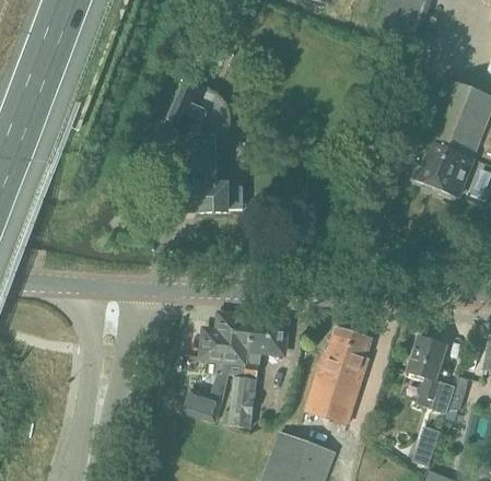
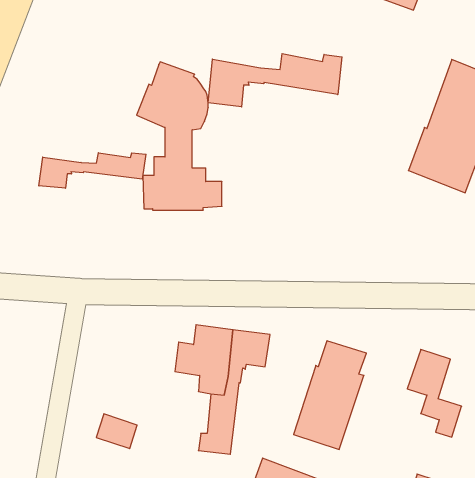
building: none -> [208,54,342,107]
building: none -> [39,153,146,188]
building: [184,390,220,421] -> [96,414,137,449]

